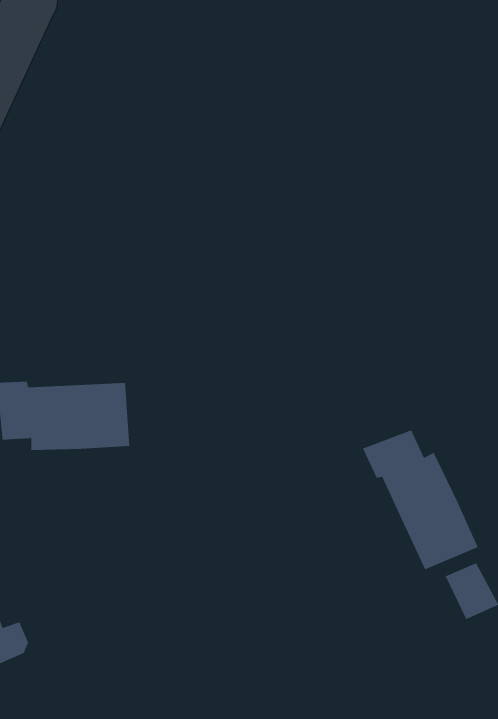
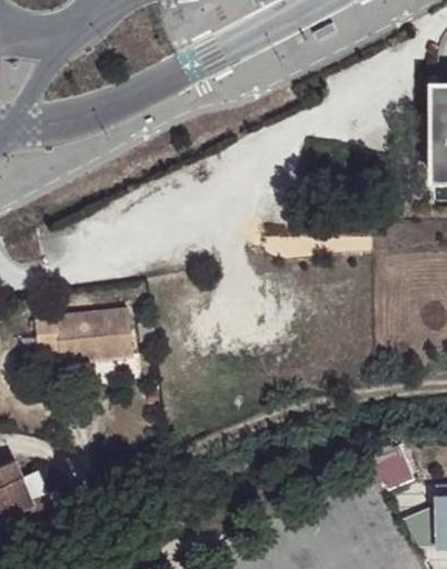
building: [362,430,478,570] -> none

